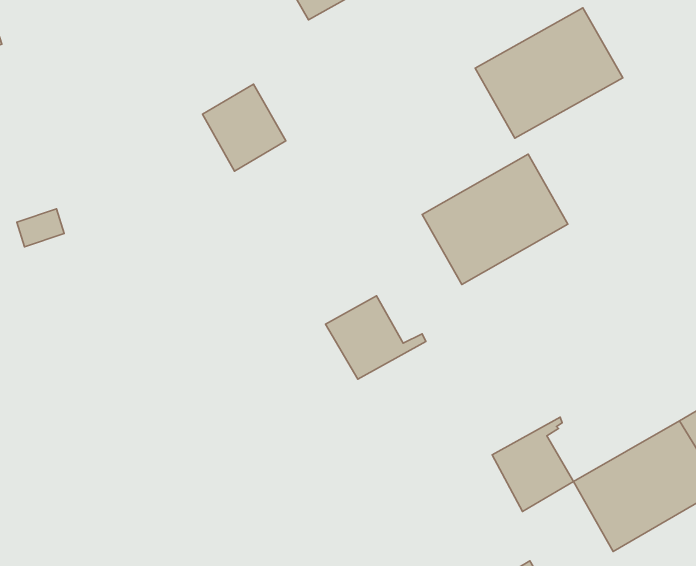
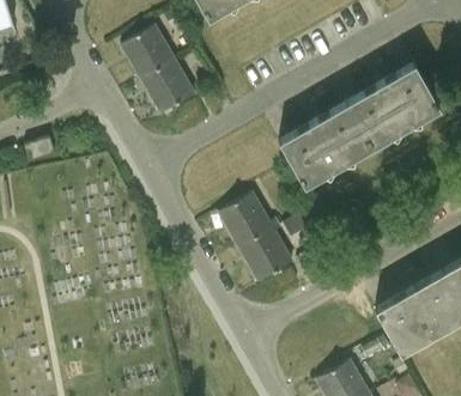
building: [475,8,623,138] -> [347,66,441,148]
building: none -> [121,25,174,79]
building: [492,417,574,512] -> [239,223,291,282]

